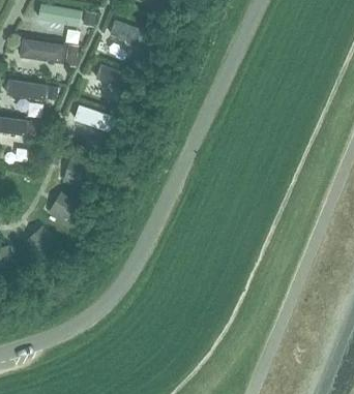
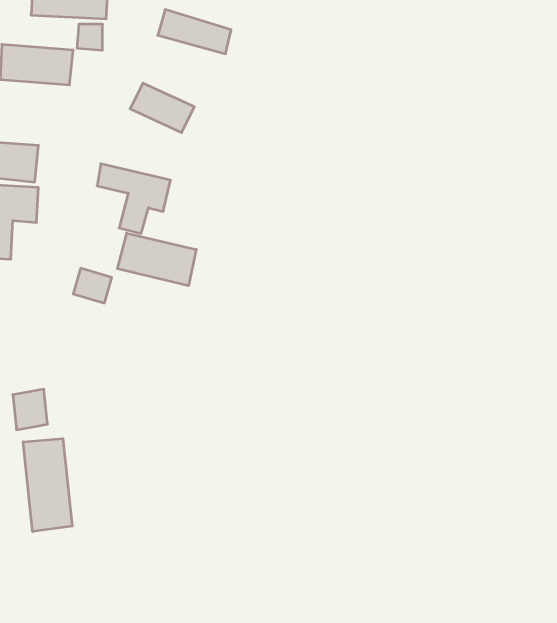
building: none -> [117,233,196,286]
building: [48,192,82,224] -> none
building: none -> [23,439,72,532]

